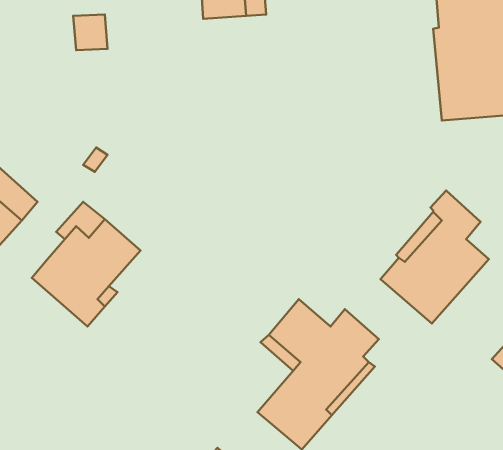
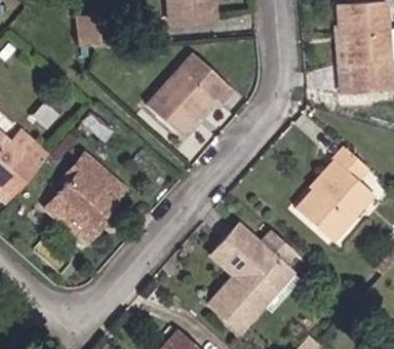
building: none -> [146,54,232,134]

